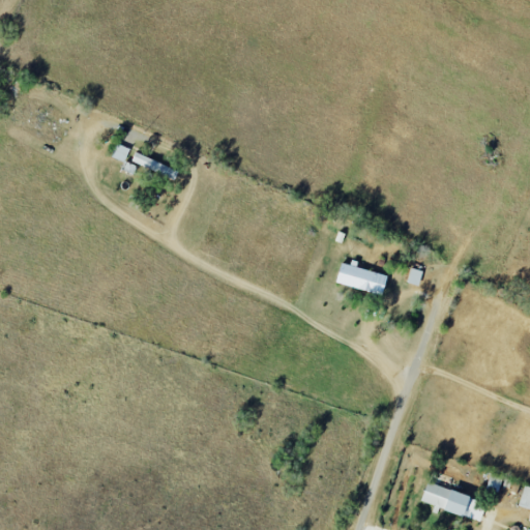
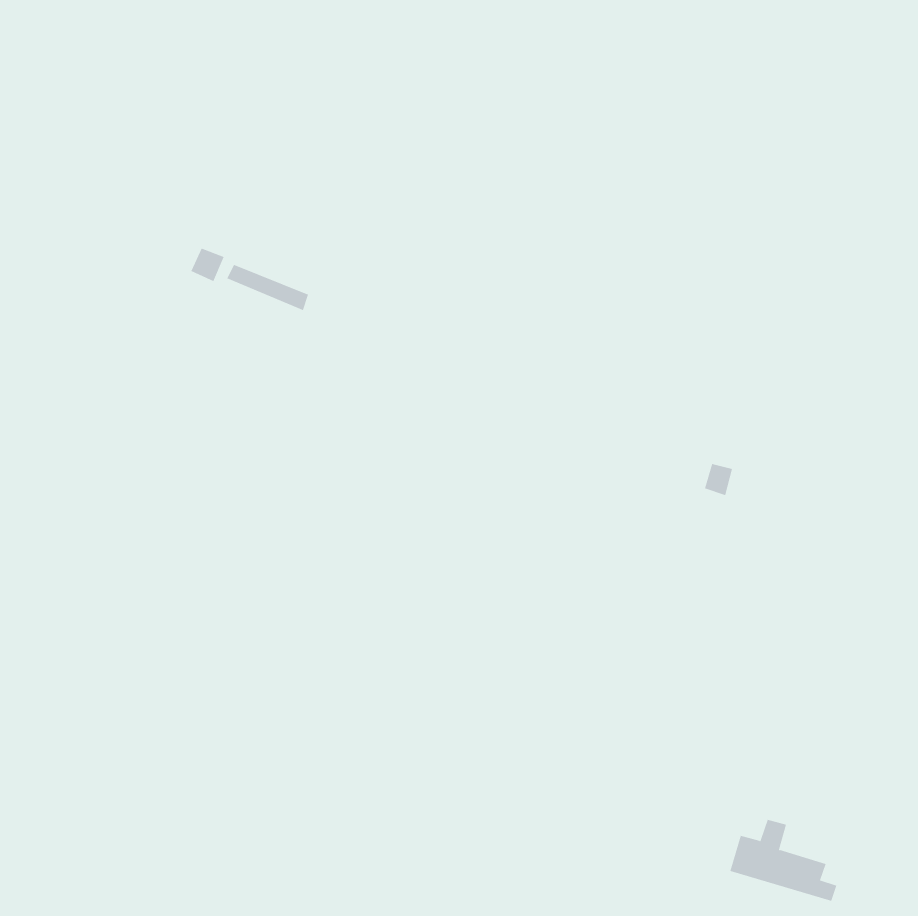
building: [335,263,386,294] -> none

